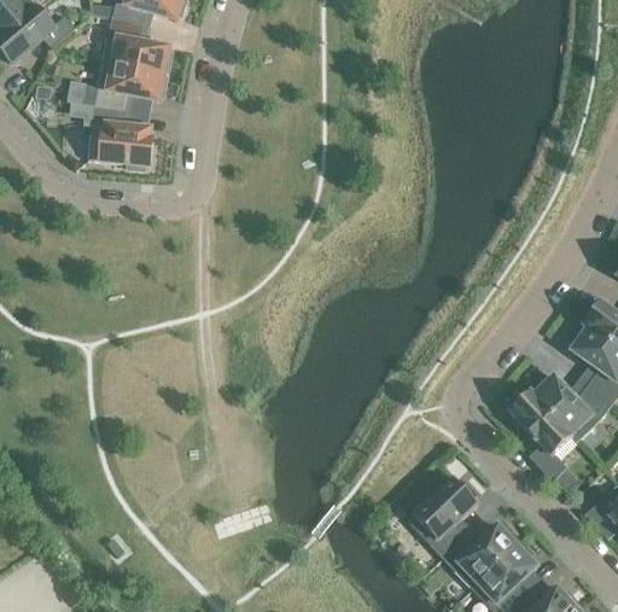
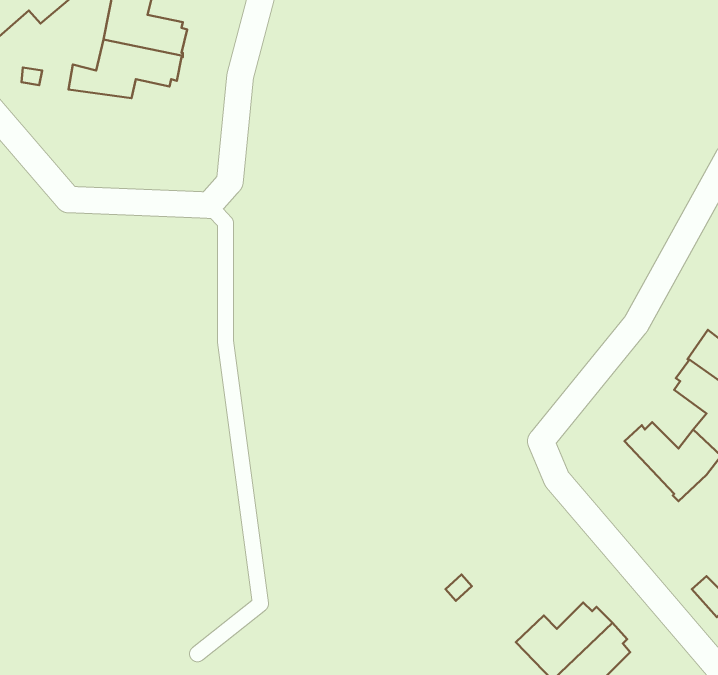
building: [72,101,152,168] -> none
building: [509,390,572,478] -> none
building: [408,478,477,556] -> none

